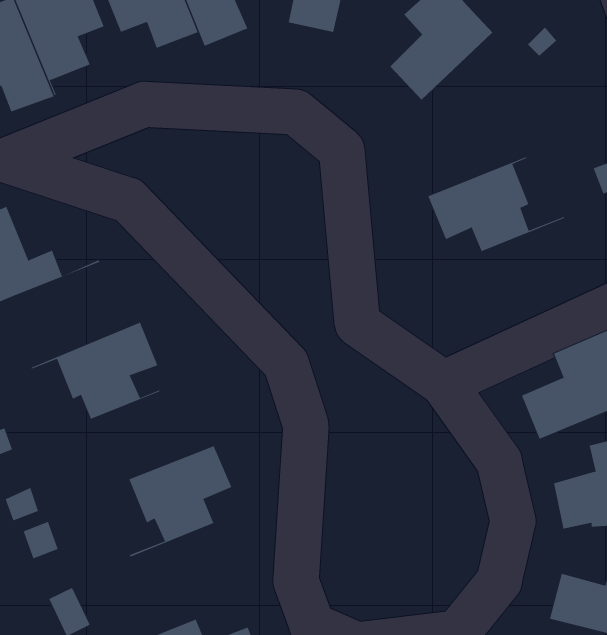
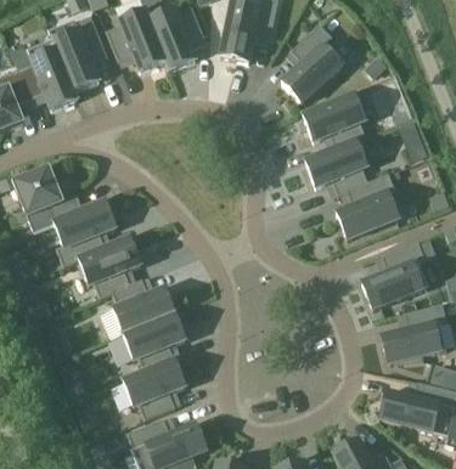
building: none -> [303,92,366,160]
building: none -> [337,174,399,238]
building: none -> [54,200,130,265]
building: none -> [100,279,175,333]
building: none -> [124,360,186,419]

